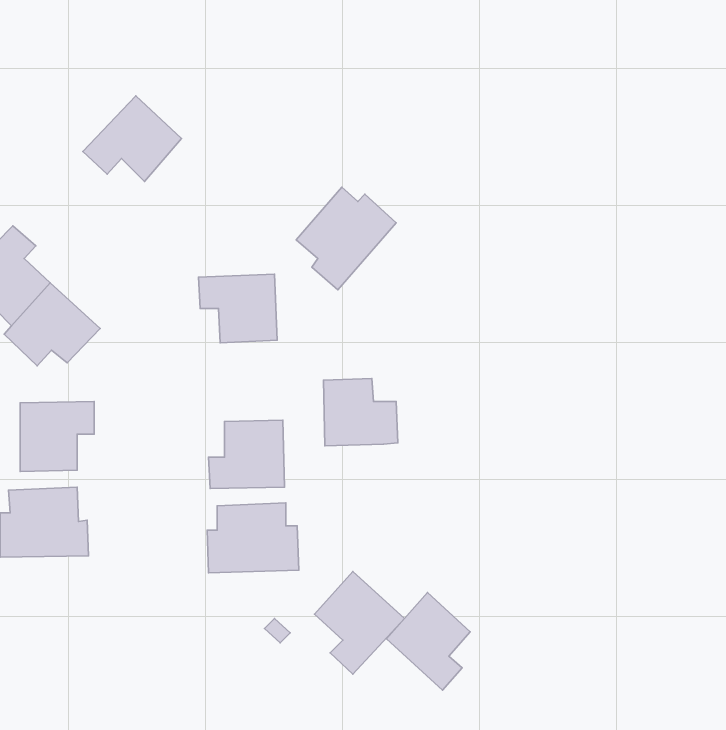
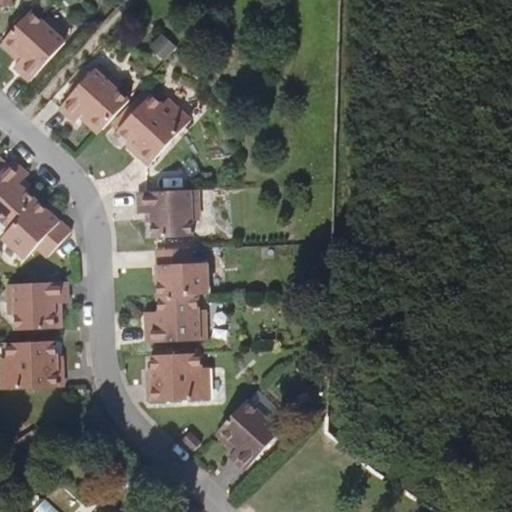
building: none -> [4,8,64,78]
building: [296,187,396,290] -> [119,94,189,166]
building: [323,379,398,446] -> [156,248,208,295]
building: [387,592,470,690] -> none

